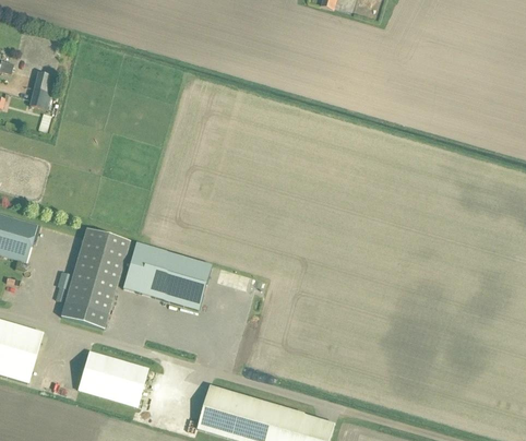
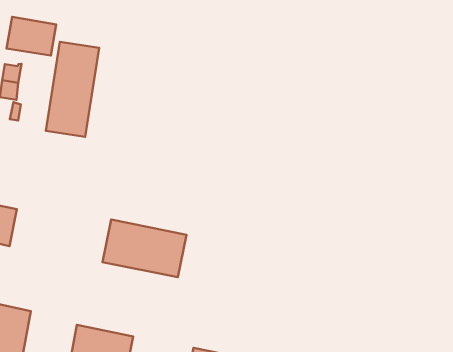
building: none -> [7,17,56,55]
building: none -> [46,42,99,137]
building: [61,227,129,327] -> none

